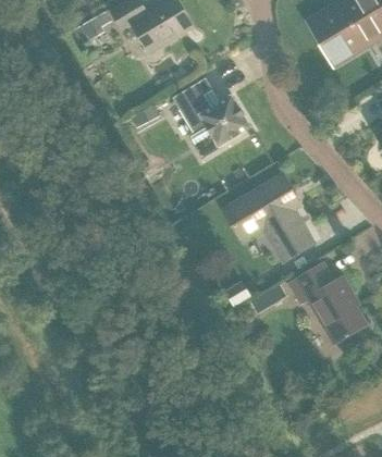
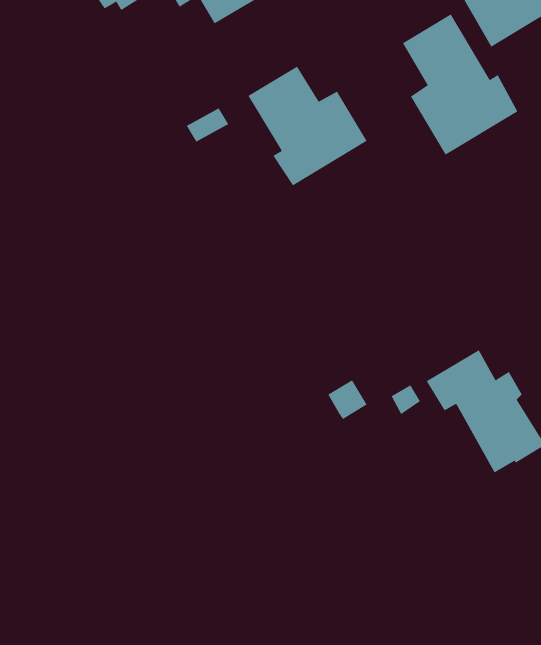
building: none -> [402,14,518,155]
building: [224,175,311,258] -> none

